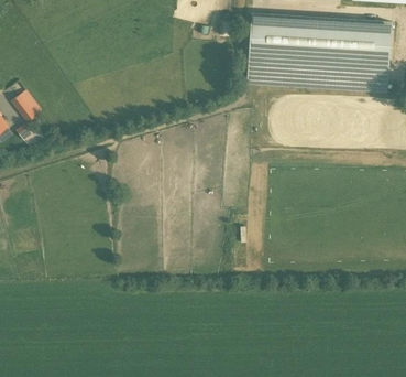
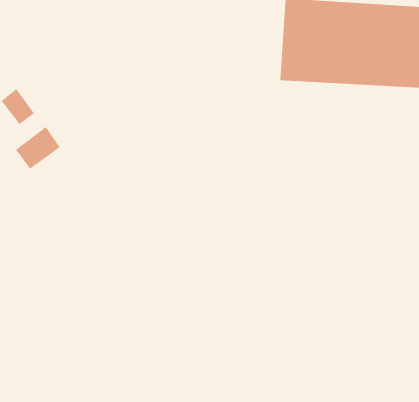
building: none -> [15,126,60,169]

